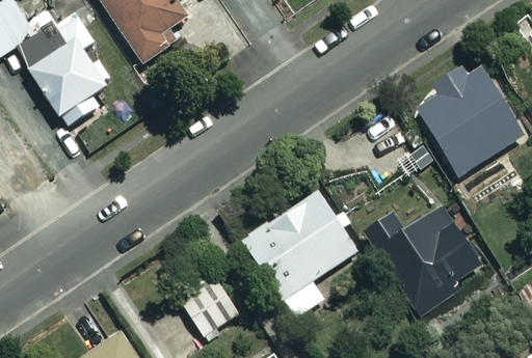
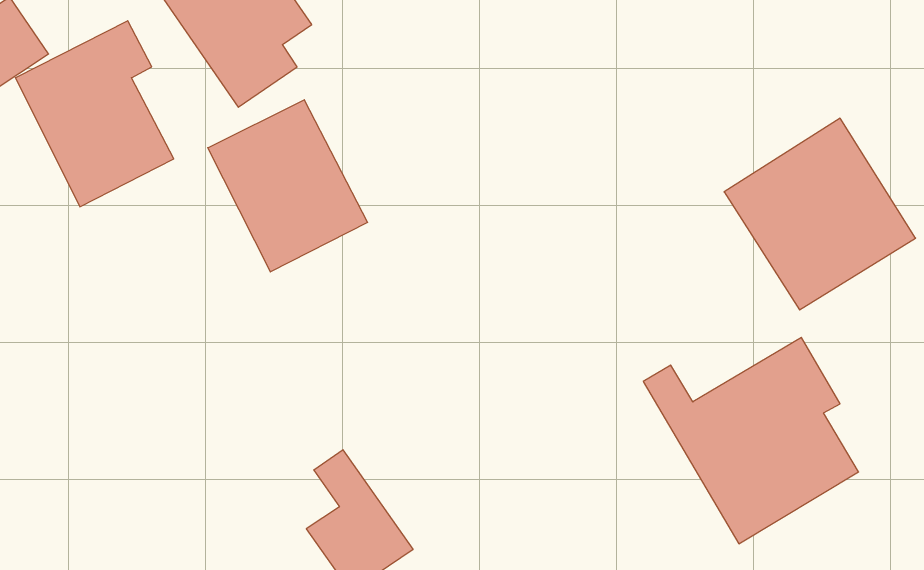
building: none -> [208,100,368,272]
building: [240,189,357,316] -> none

